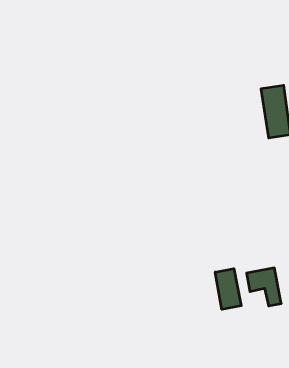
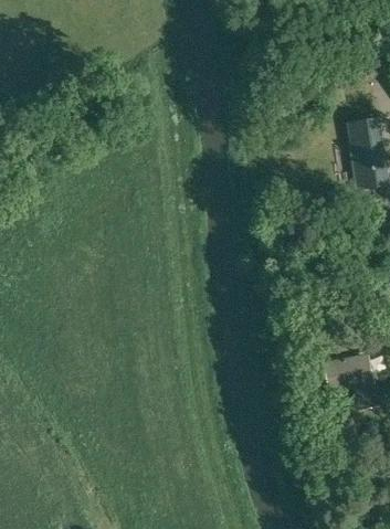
building: [215,269,241,309] -> none

